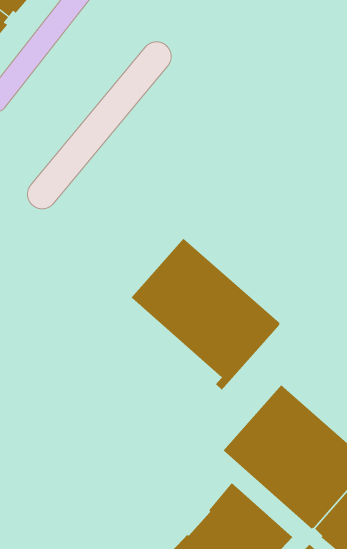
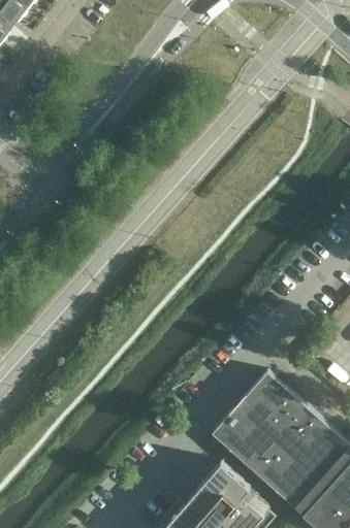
building: [131,238,281,390] -> none

